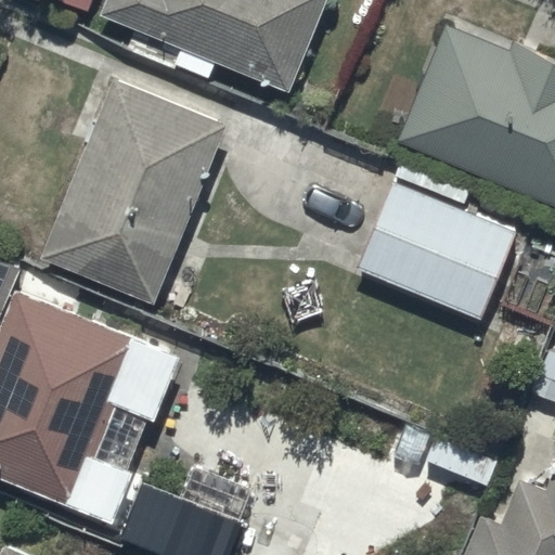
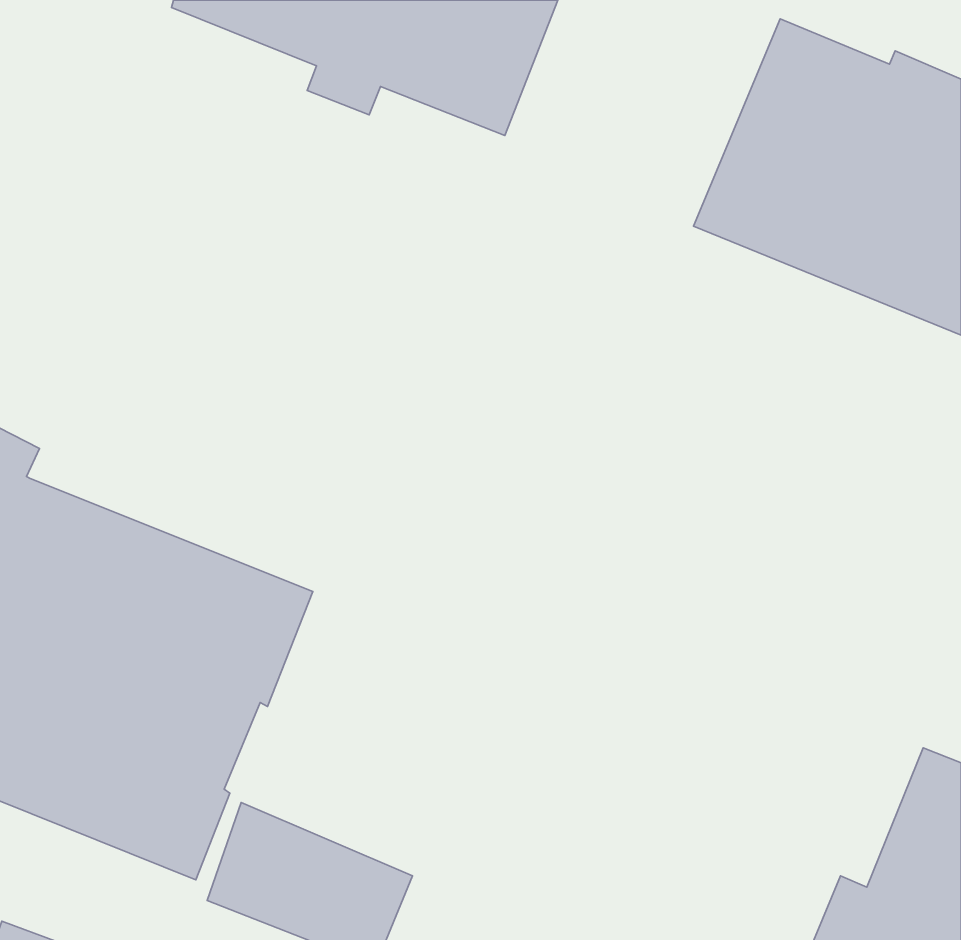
building: [40,76,227,302] -> none
building: [358,182,516,320] -> none

